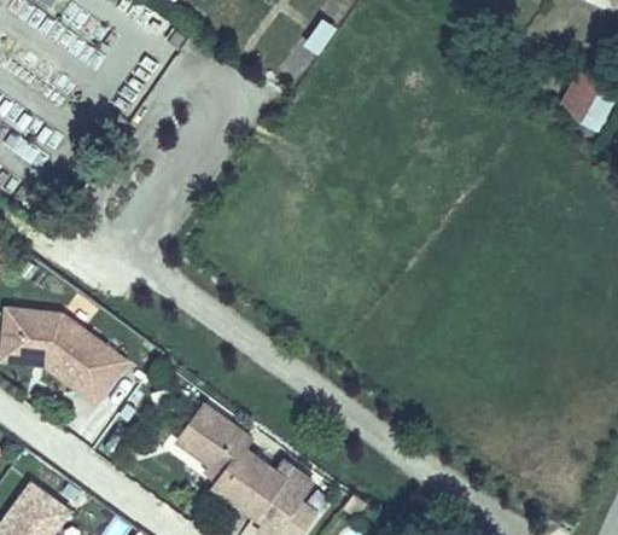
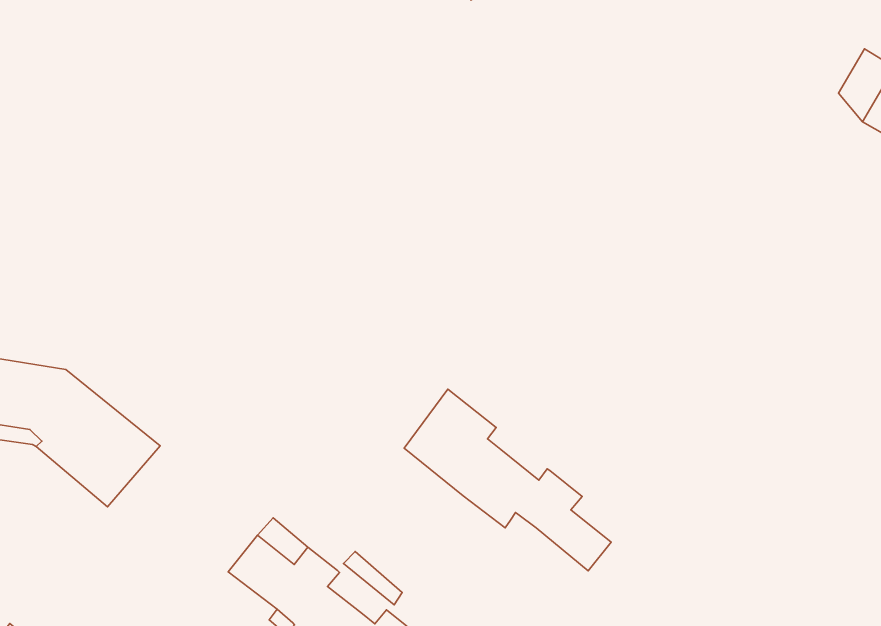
building: none -> [404,389,611,571]

